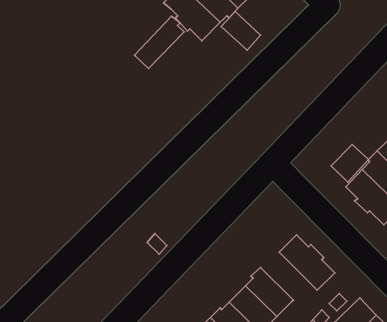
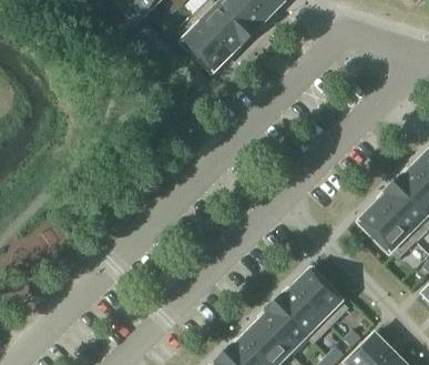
building: [221,12,260,50] -> none
building: [134,16,184,69] -> none
building: [331,144,369,182] -> none
building: none -> [273,286,330,343]

